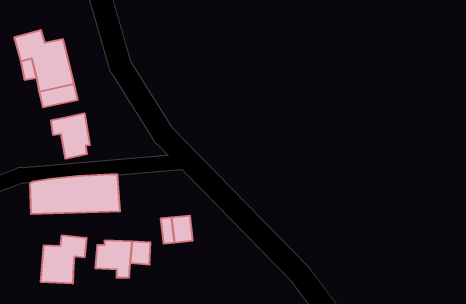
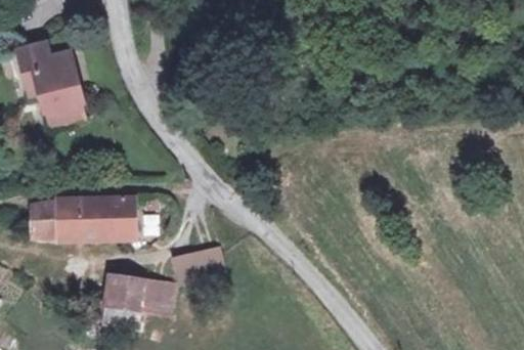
building: [51,113,90,159] -> none
building: [41,235,86,284] -> none

